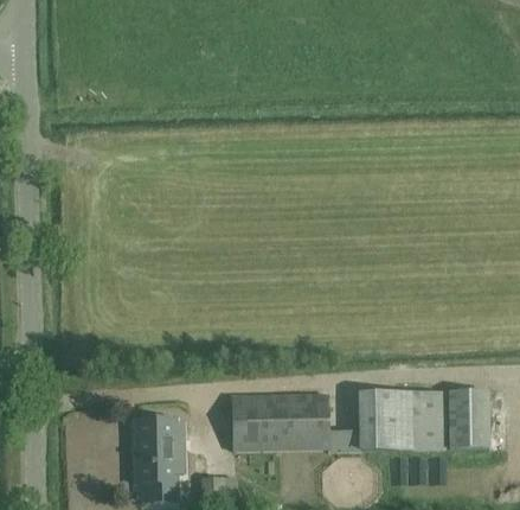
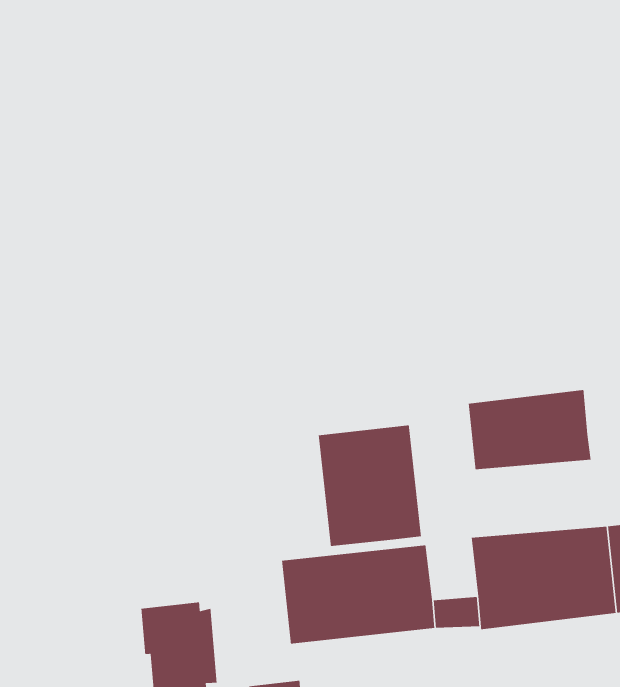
building: none -> [468,389,592,470]
building: none -> [318,424,422,547]

